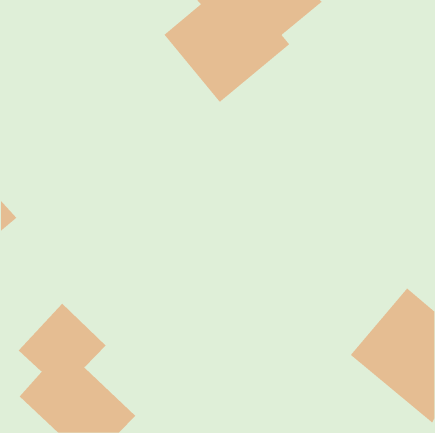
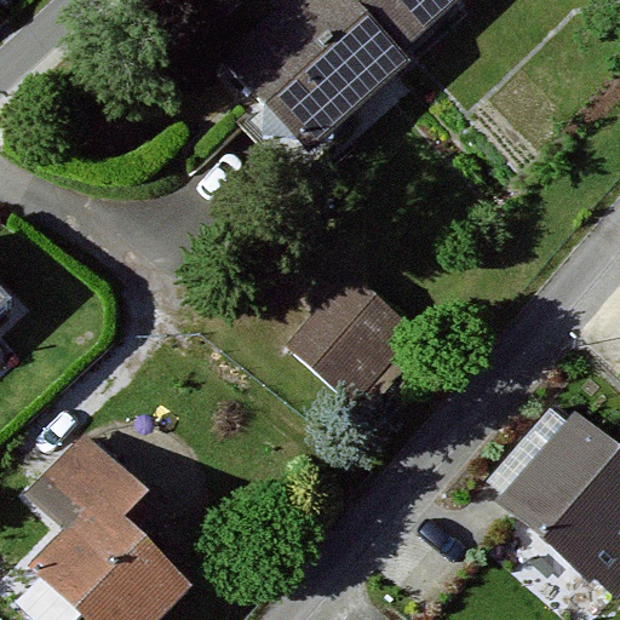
building: none -> [298,272,423,395]

